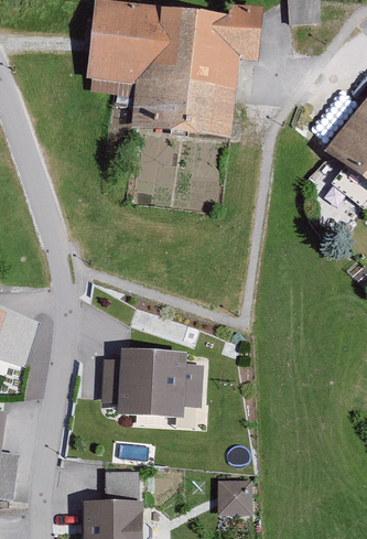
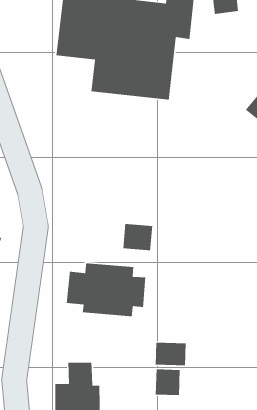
building: none -> [122,223,153,251]
building: none -> [155,342,186,366]

